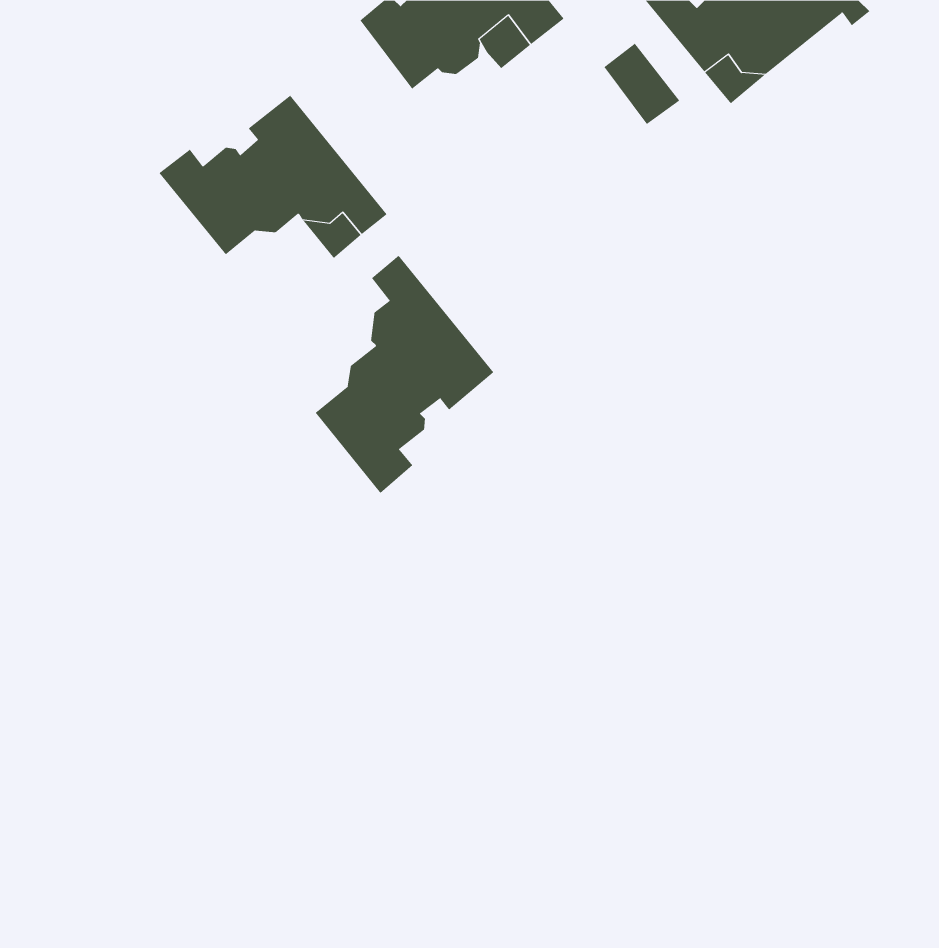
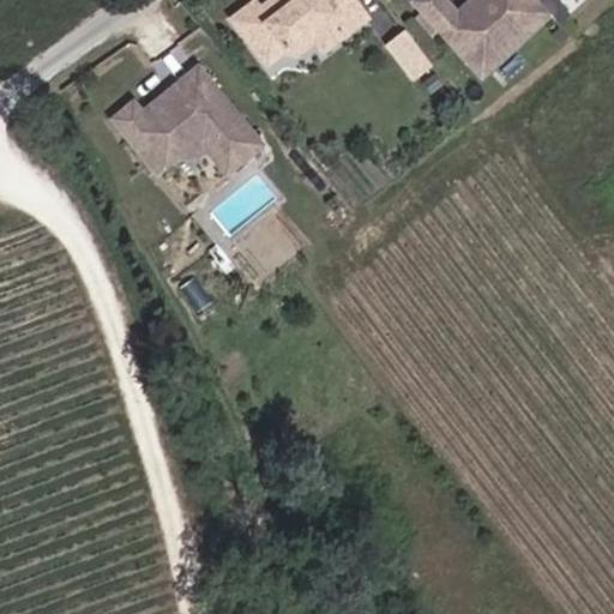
building: [315,255,494,494] -> none

